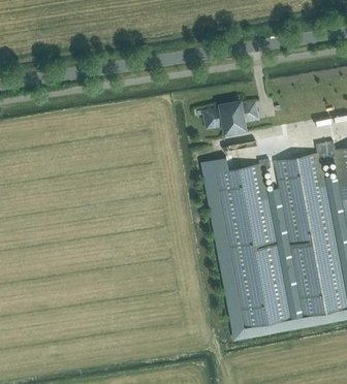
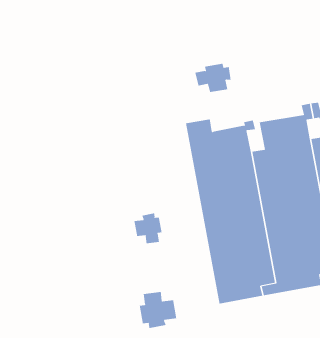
building: none -> [134,213,162,244]
building: none -> [139,291,177,329]

